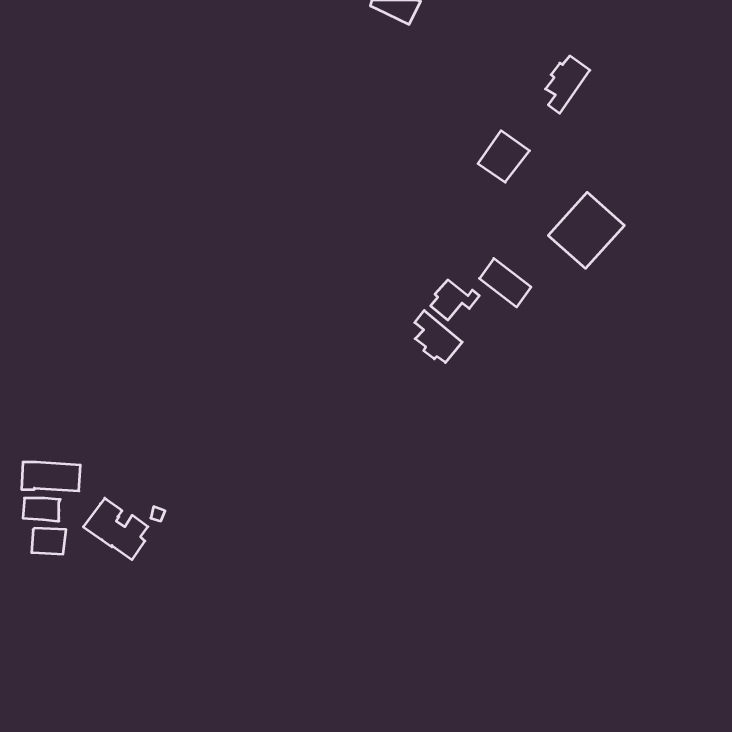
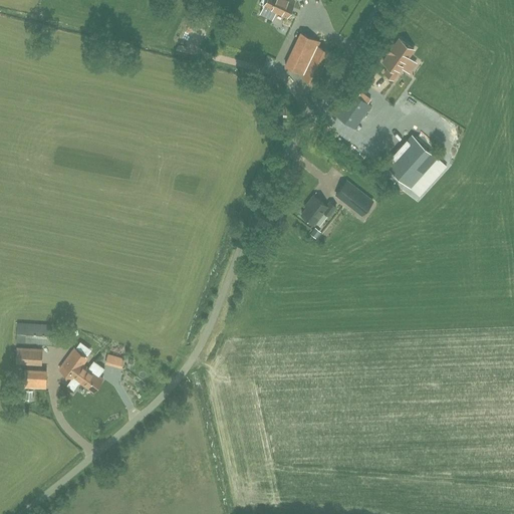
building: none -> [285,34,329,84]
building: [415,310,462,363] -> none

